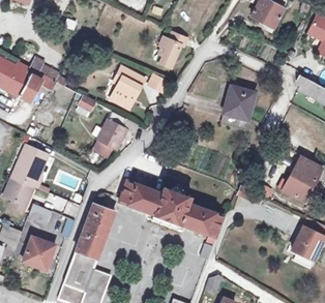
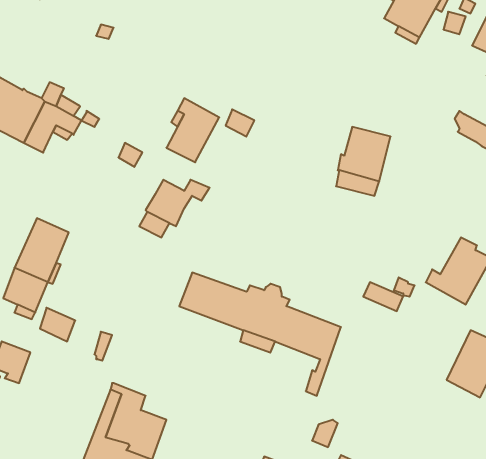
building: [157,32,186,68] -> none
building: [75,204,114,260] -> none
building: [22,236,55,268] -> none

